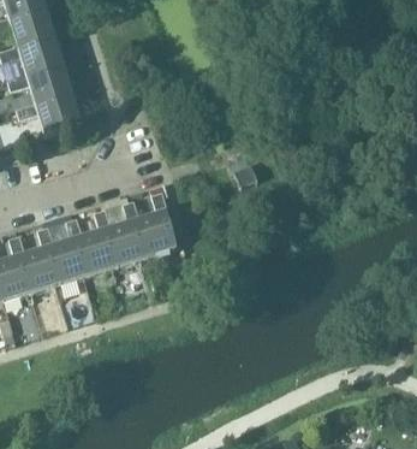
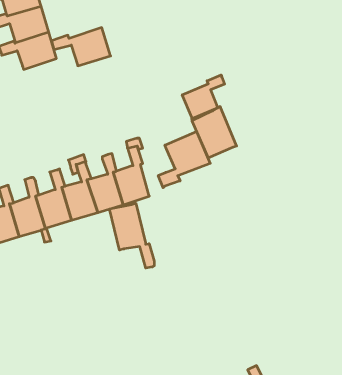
building: [17,95,82,137] -> [52,28,111,66]
building: none -> [182,75,225,119]
building: none -> [158,132,210,188]
building: none -> [110,203,154,268]

